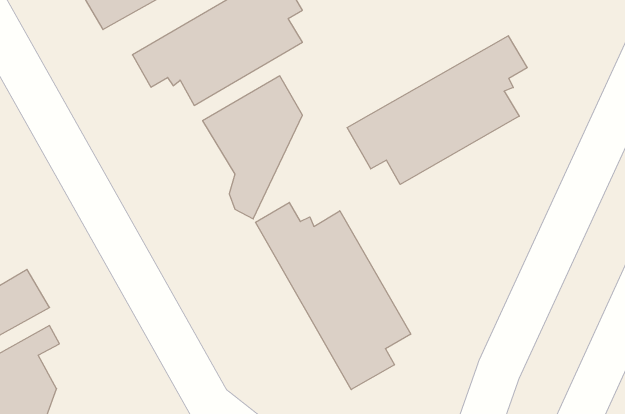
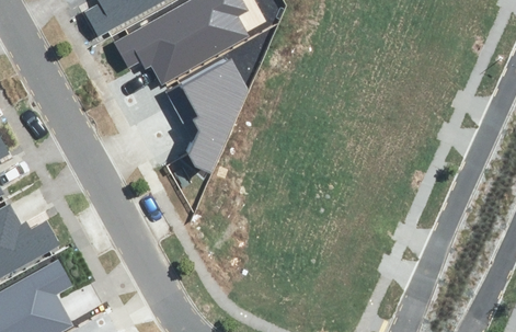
building: [347,36,527,184] -> none
building: [256,202,411,390] -> none

